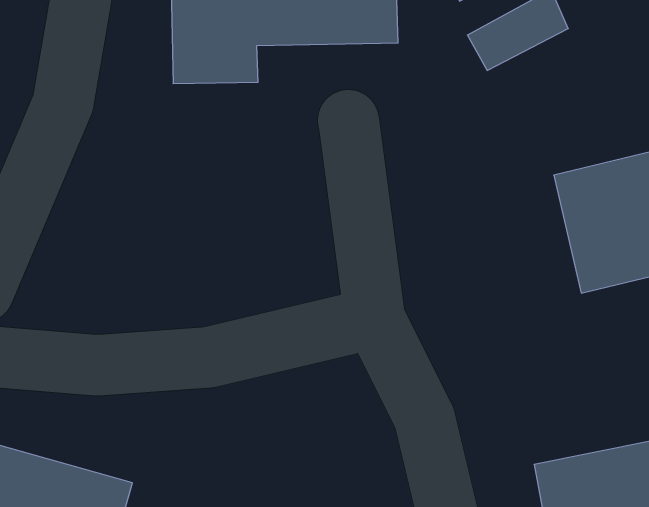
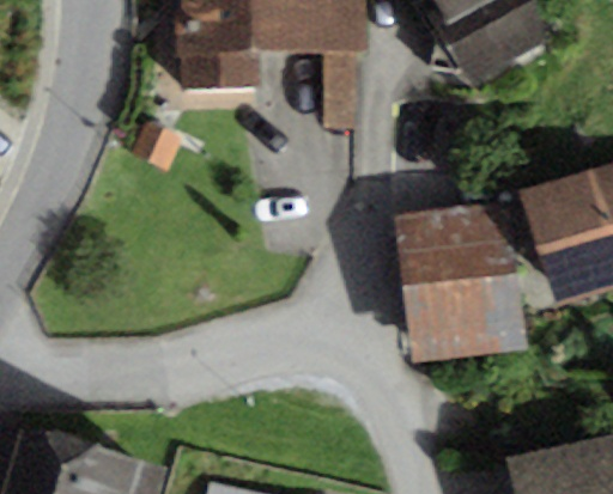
building: none -> [401,211,523,358]

